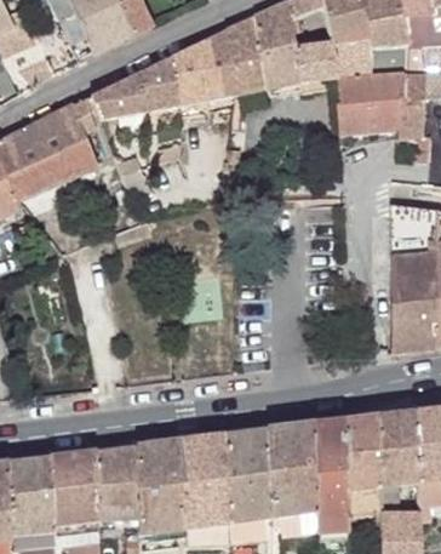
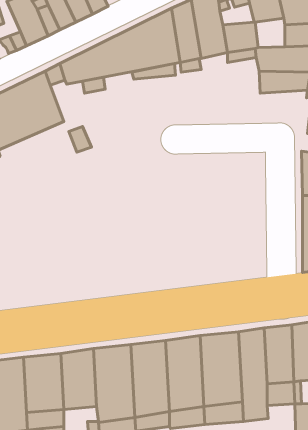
building: [334,38,371,74] -> none

